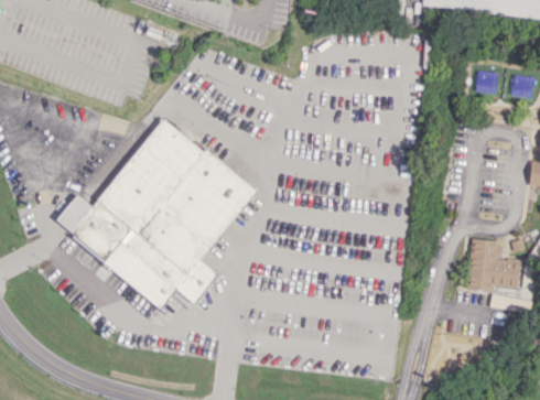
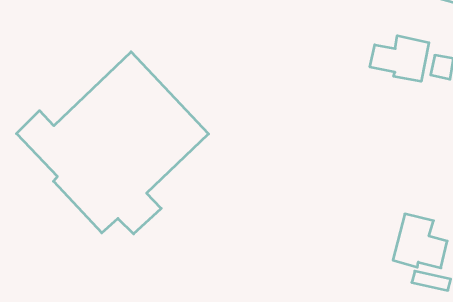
building: none -> [370,36,429,81]

